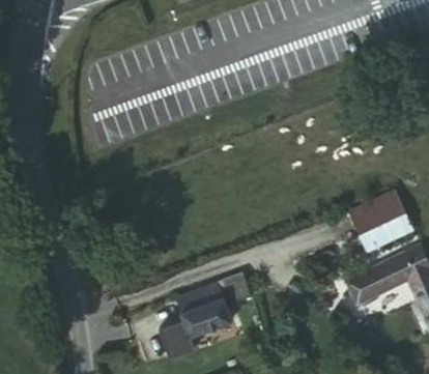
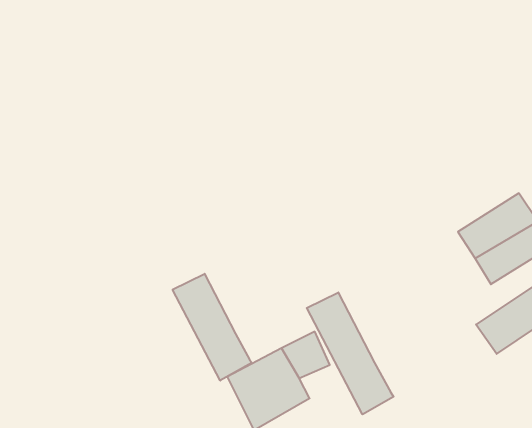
building: none -> [173,274,252,381]
building: none -> [307,292,394,414]

